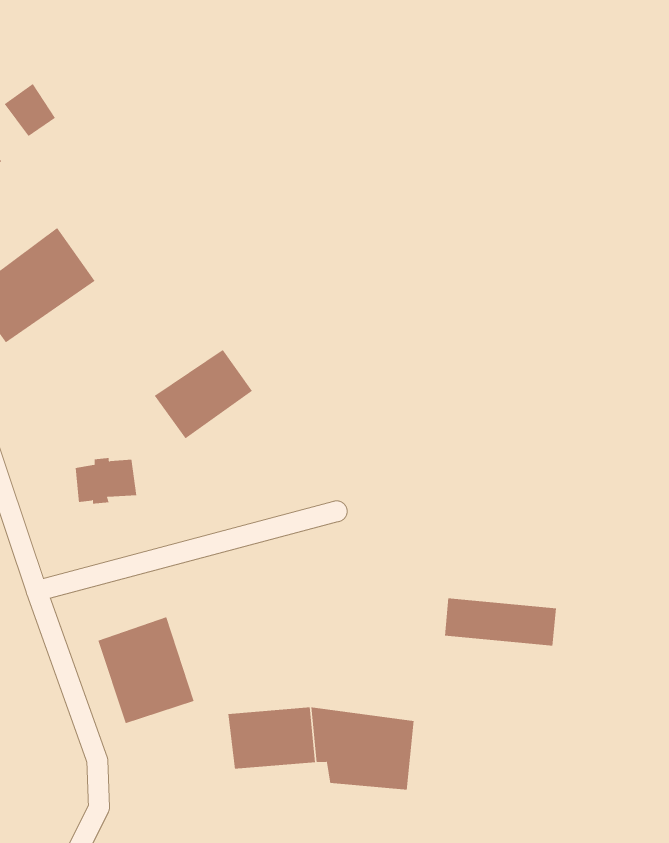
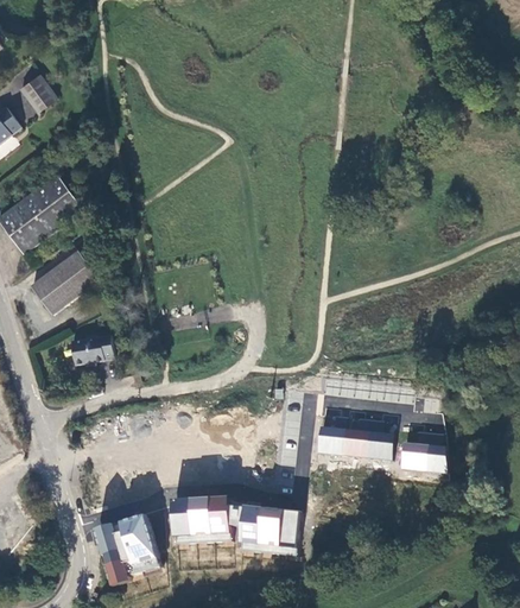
building: [154,349,253,439] -> [26,251,94,312]
building: [98,616,195,724] -> [97,512,164,585]
building: none -> [400,441,449,473]

